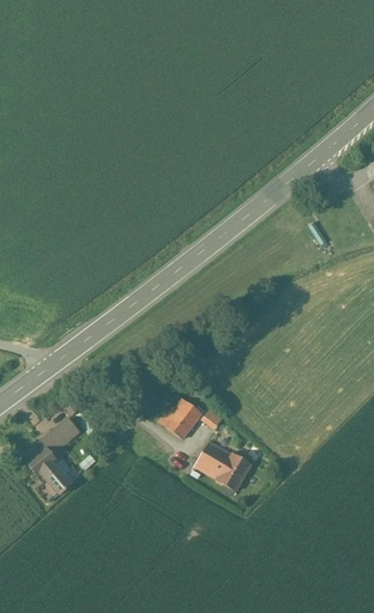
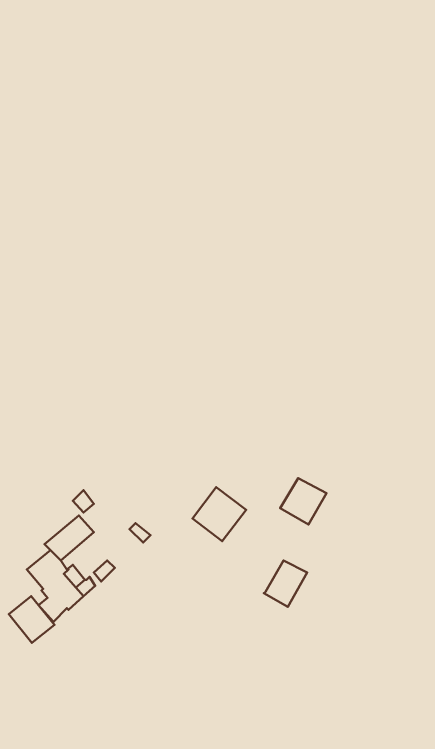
building: [194,441,231,478] -> [280,478,327,525]
building: none -> [9,596,54,643]

